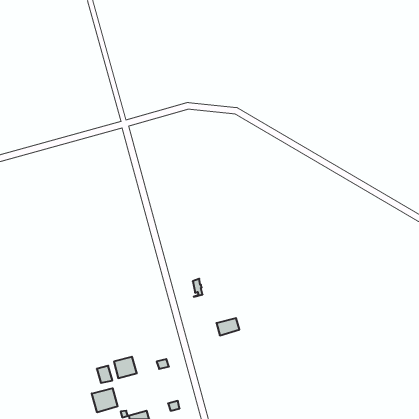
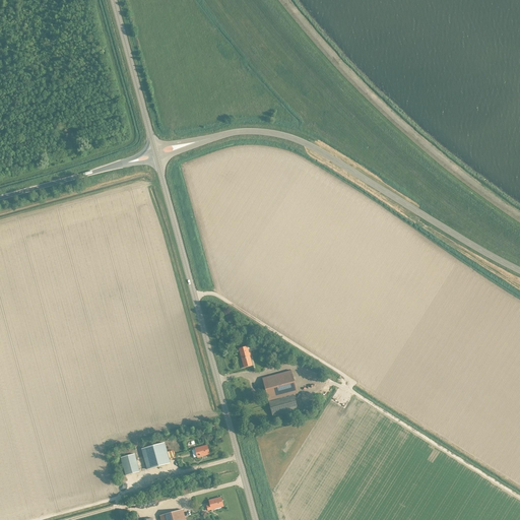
building: none -> [262,370,297,400]
building: [92,388,118,412] -> none

